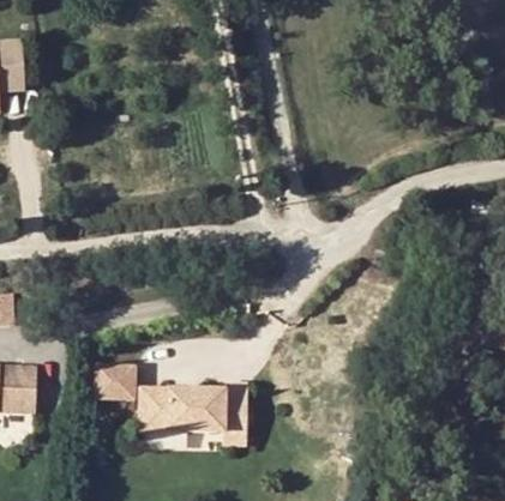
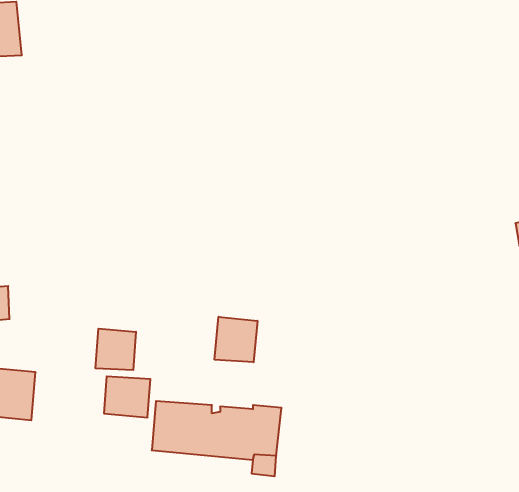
building: none -> [215,317,257,362]
building: none -> [96,329,136,370]

